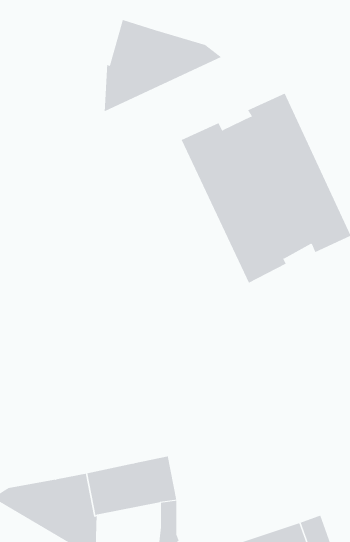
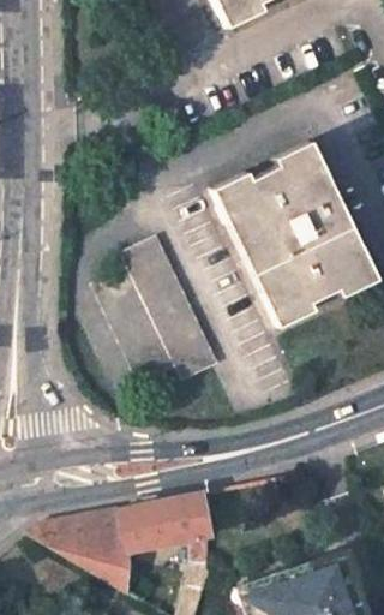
building: [104,19,222,112] -> none
building: none -> [98,235,216,380]

